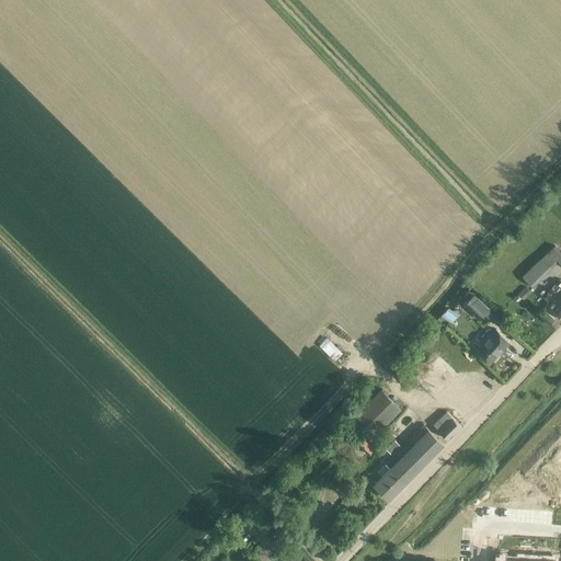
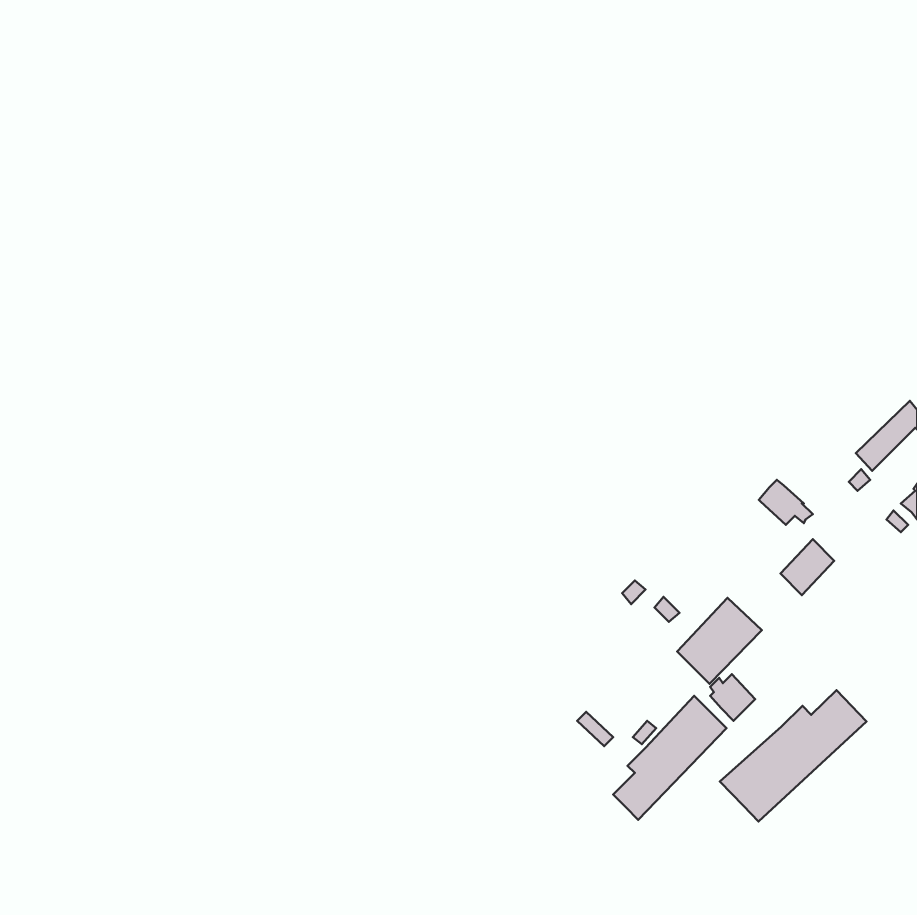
building: [350,391,401,444] -> [677,598,762,684]
building: none -> [720,690,866,822]

